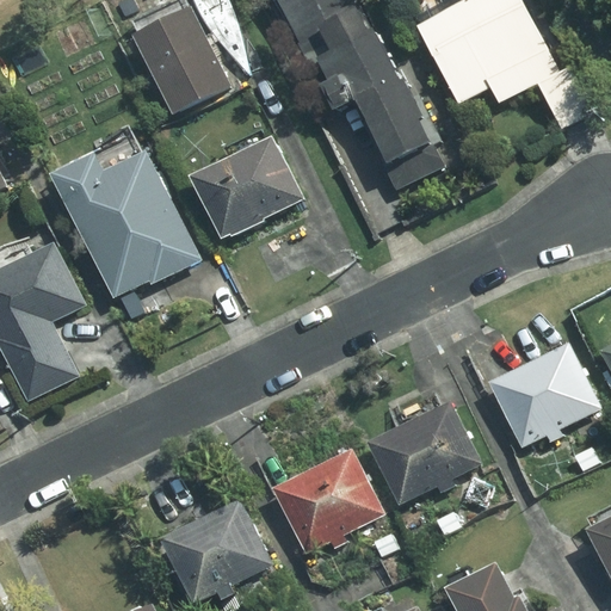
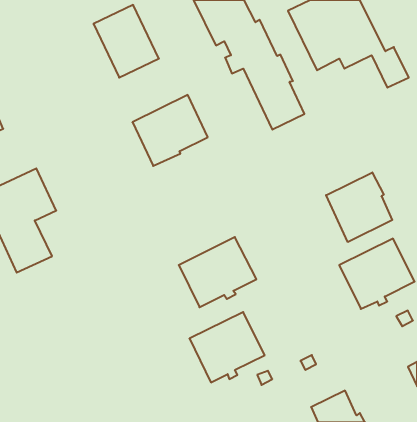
building: [54,147,198,295] -> none
building: none -> [326,172,392,242]
building: [368,402,480,504] -> [179,237,256,307]
building: [163,502,272,604] -> none

